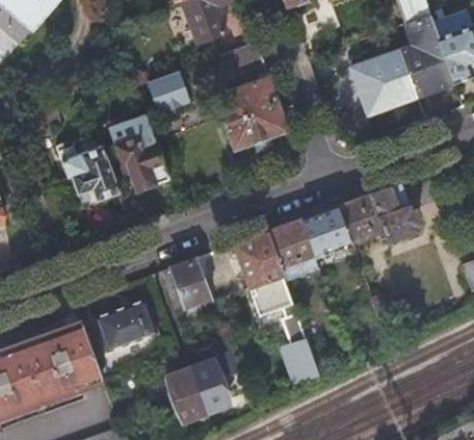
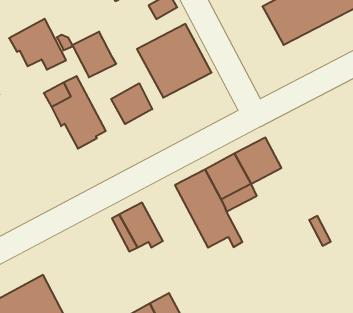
building: none -> [111,83,152,124]
building: [62,146,120,200] -> [9,19,66,70]
building: [337,185,420,242] -> none
building: [95,299,158,353] -> none
building: [281,315,319,385] -> none

